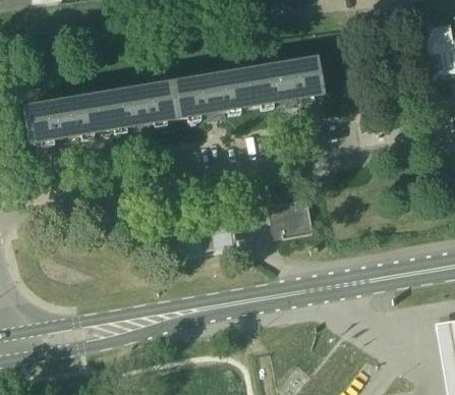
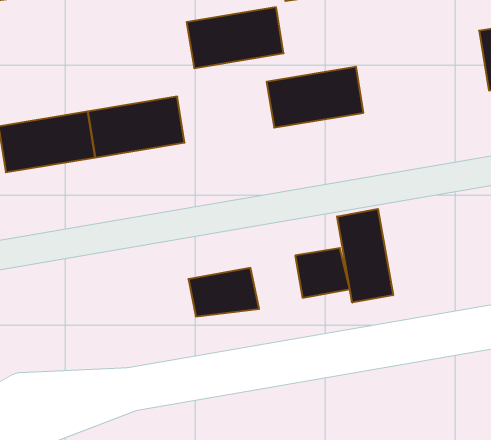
building: [171,68,250,118] -> [187,7,284,68]
building: none -> [337,209,393,303]

